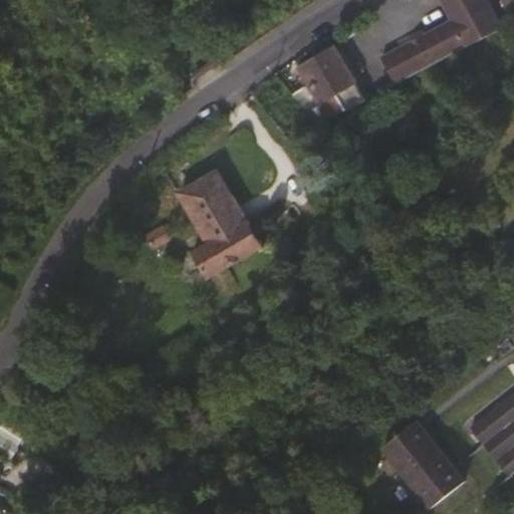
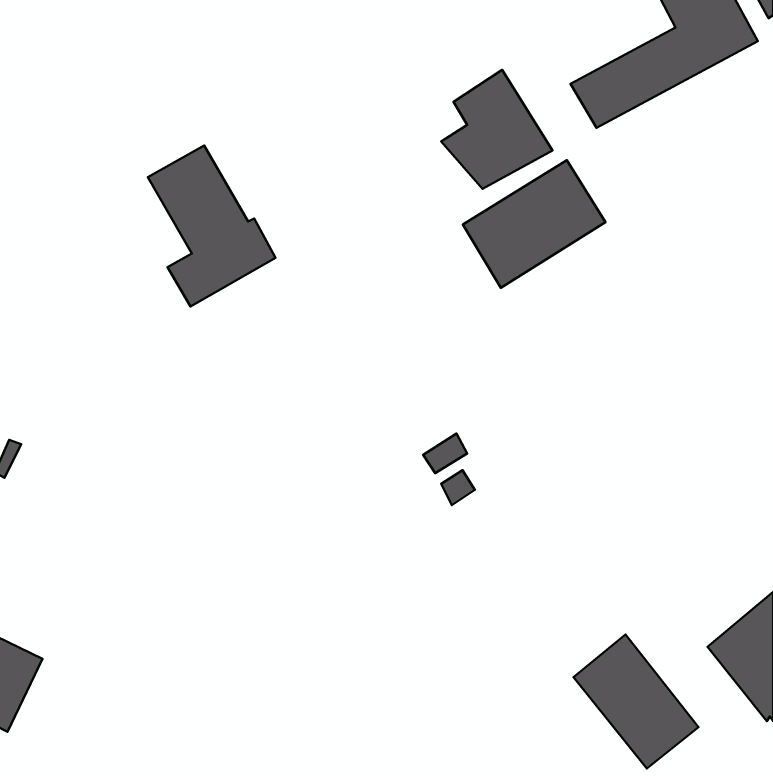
building: none -> [463,160,605,288]
building: [179,171,263,277] -> [148,145,276,307]

